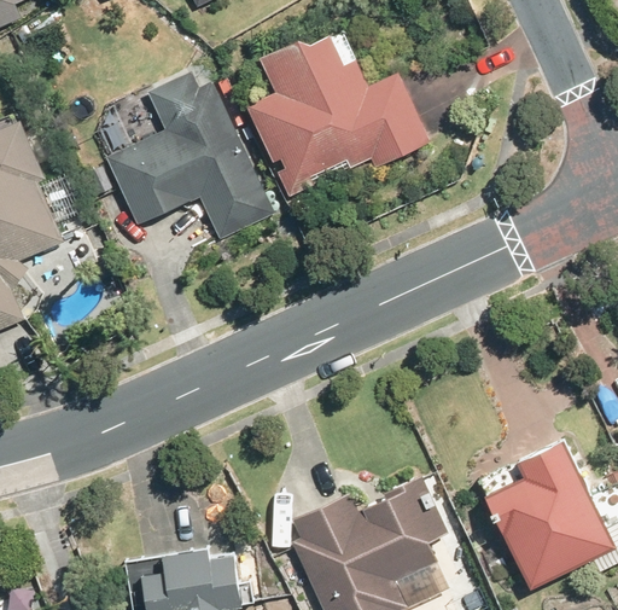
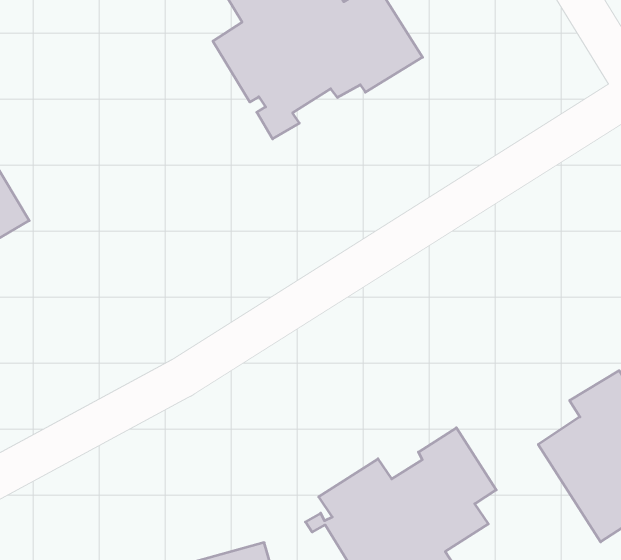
building: [105,70,272,240] -> none

